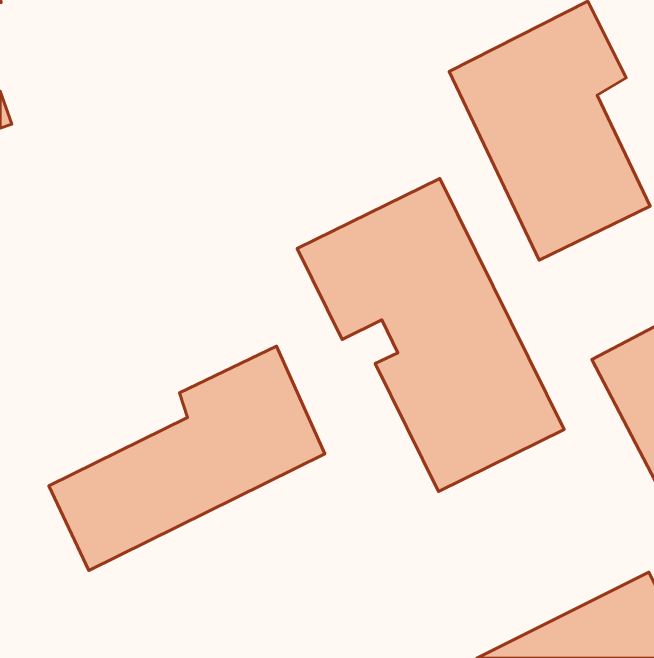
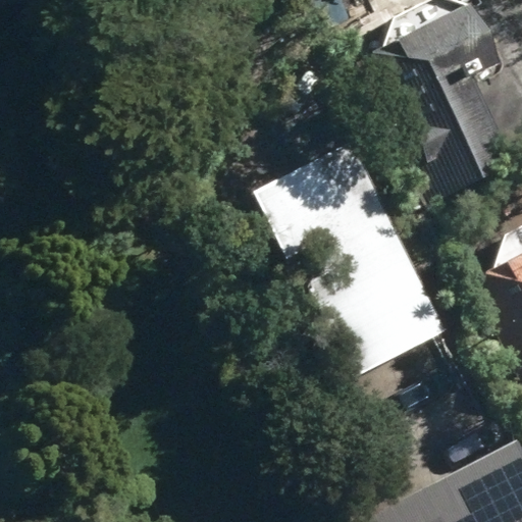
building: [49,346,325,570] -> none

